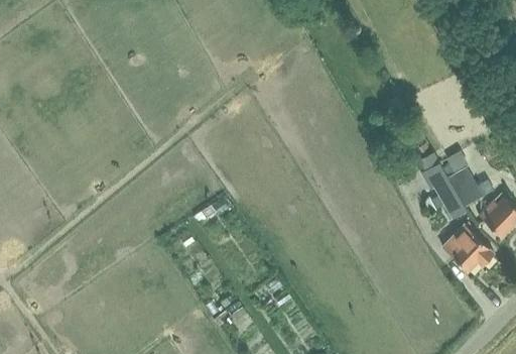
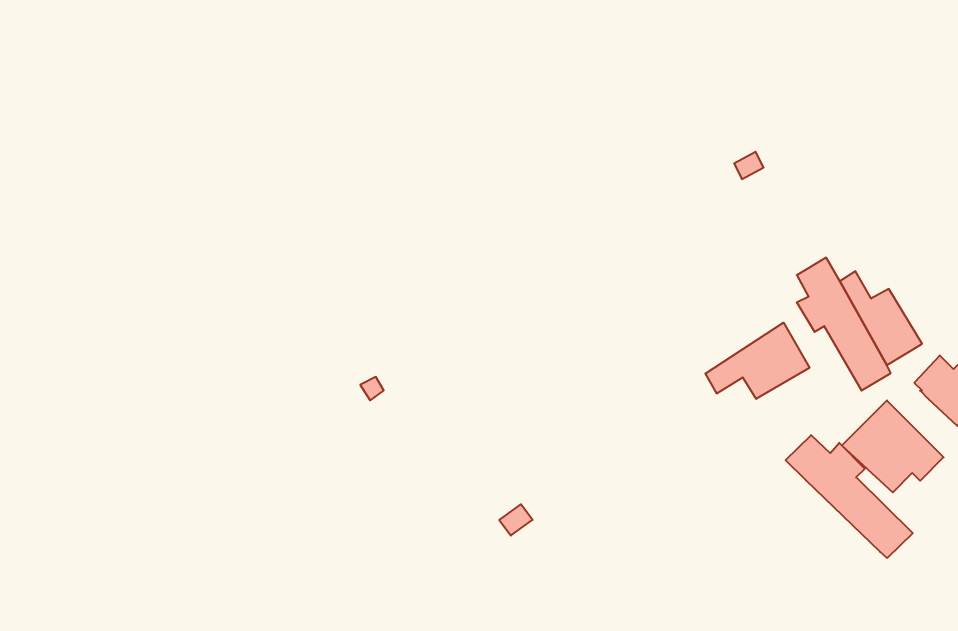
building: none -> [705,323,810,399]
building: none -> [786,435,913,558]

